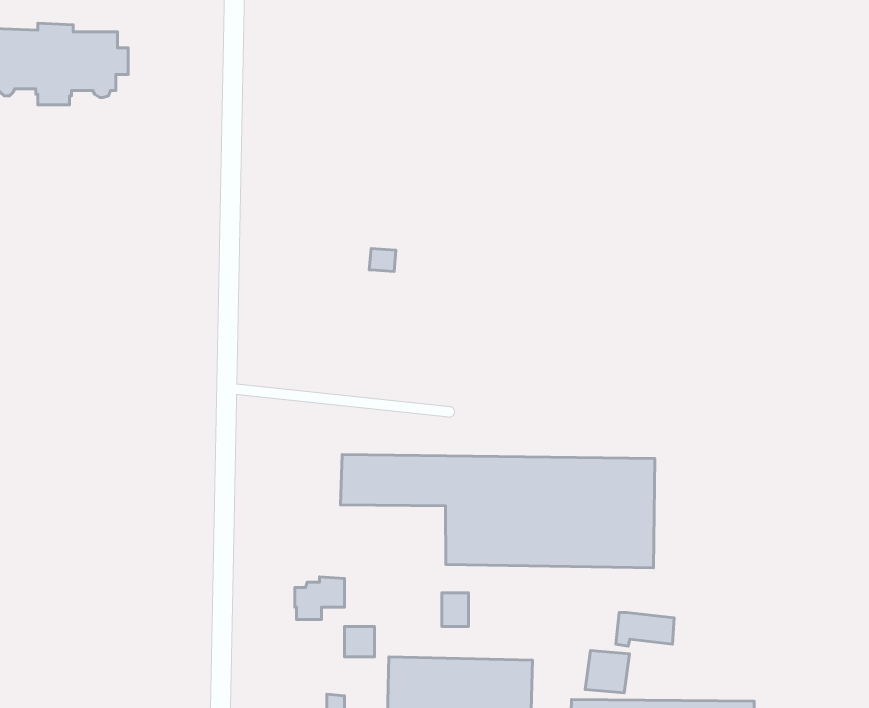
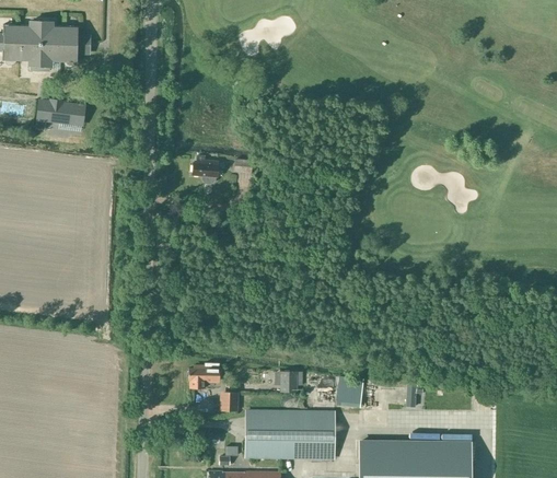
building: none -> [36,101,83,129]
building: none -> [192,155,218,184]
building: [341,455,655,568] -> none
building: [585,650,630,693] -> [336,376,363,403]

